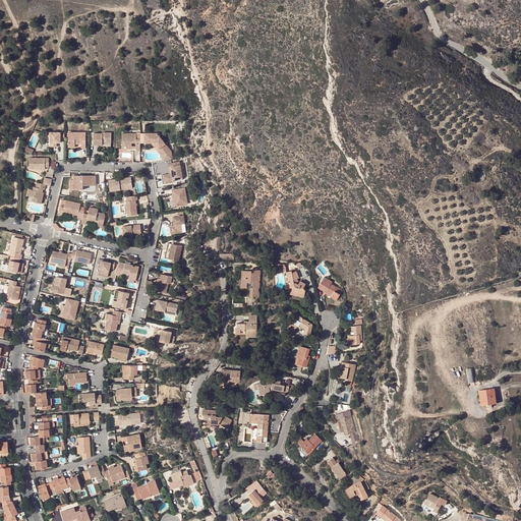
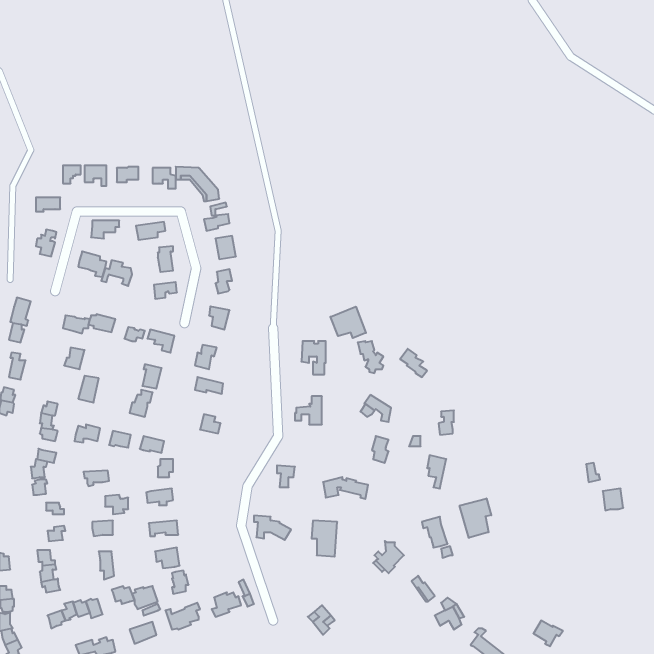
building: none -> [330,307,366,338]
building: none -> [460,498,491,538]

